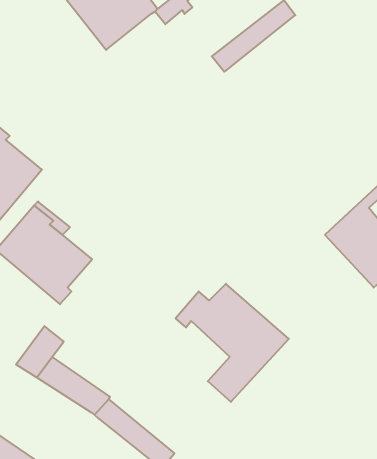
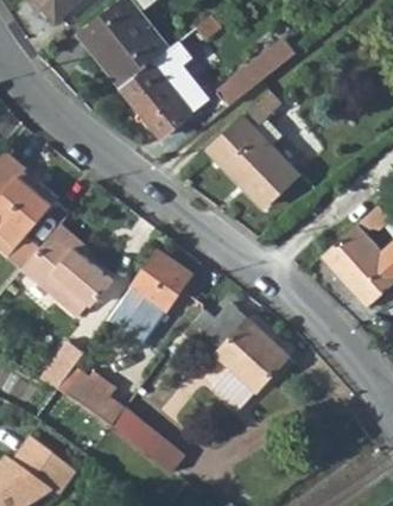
building: none -> [120,53,195,137]
building: none -> [205,93,294,204]
building: none -> [112,248,195,339]

